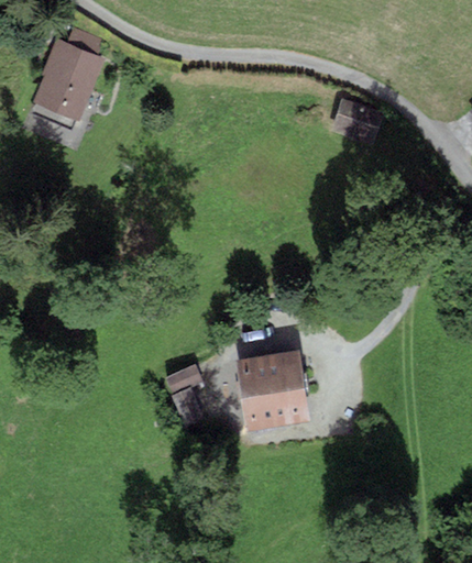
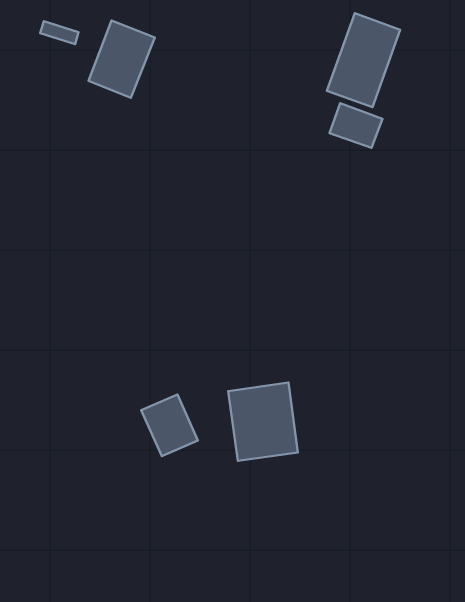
building: none -> [327,13,400,107]
building: [39,44,99,114] -> [89,21,155,98]

